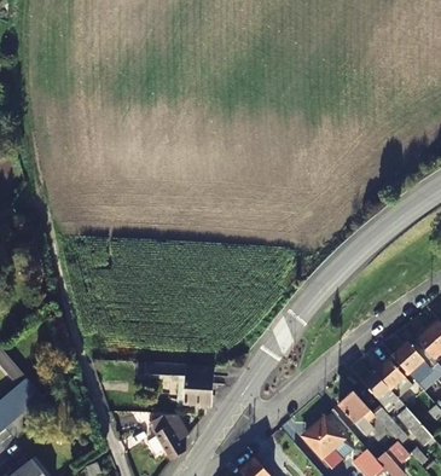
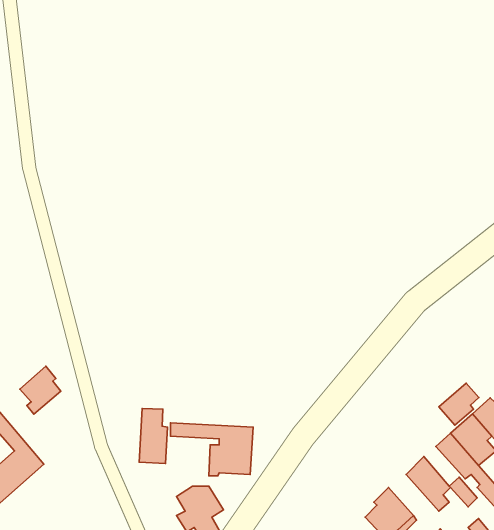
building: none -> [20,366,61,414]
building: none -> [439,383,479,425]
building: none -> [139,409,168,464]

